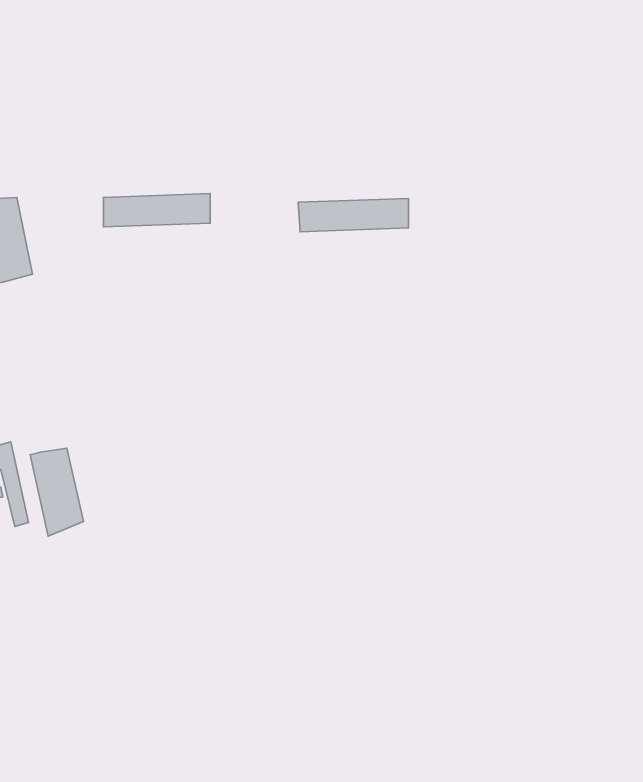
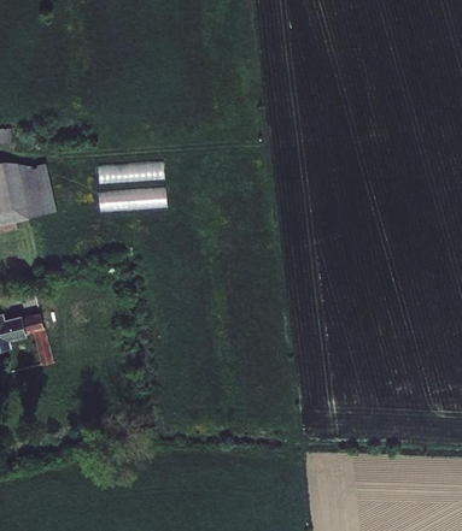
building: [298,198,409,232] -> [97,189,164,210]
building: [30,448,83,536] -> none

